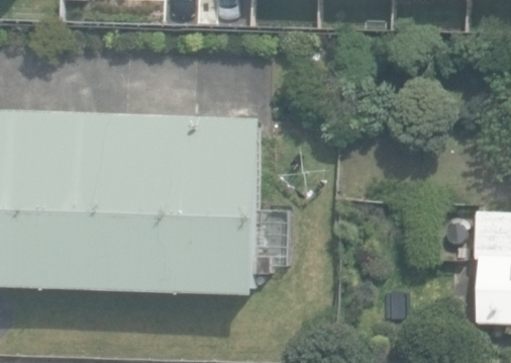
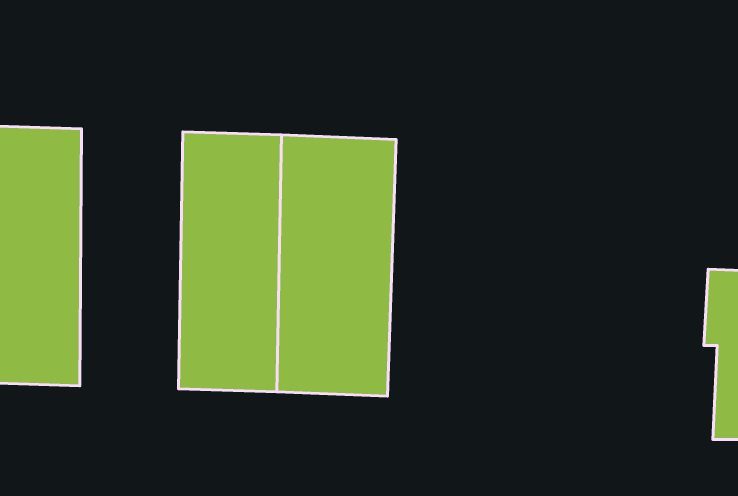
building: [55,111,124,287] -> none

